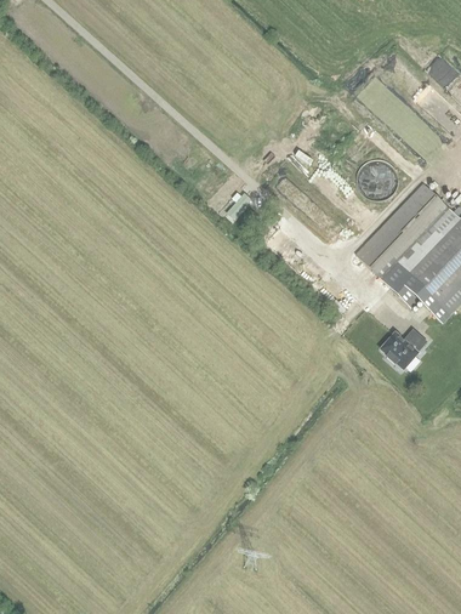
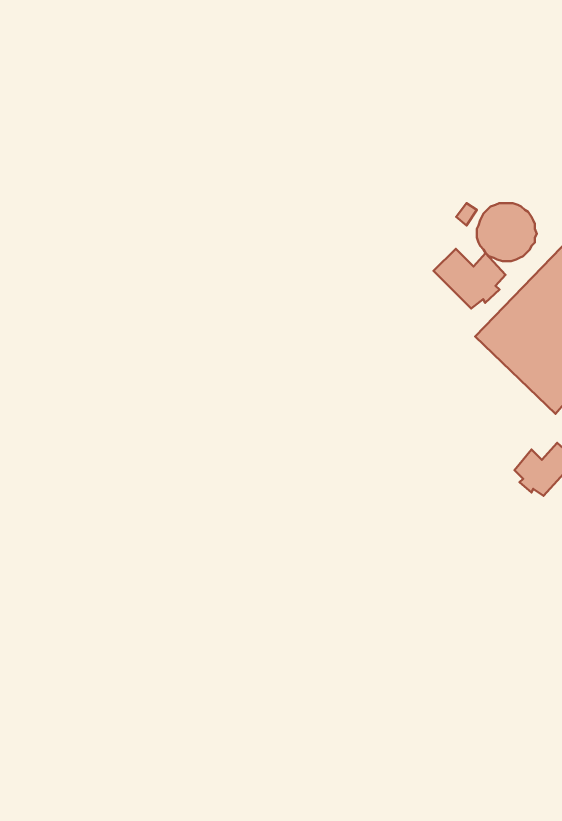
building: none -> [434,249,505,308]

